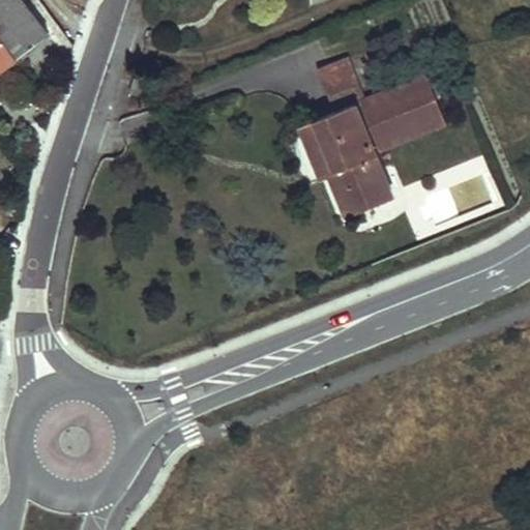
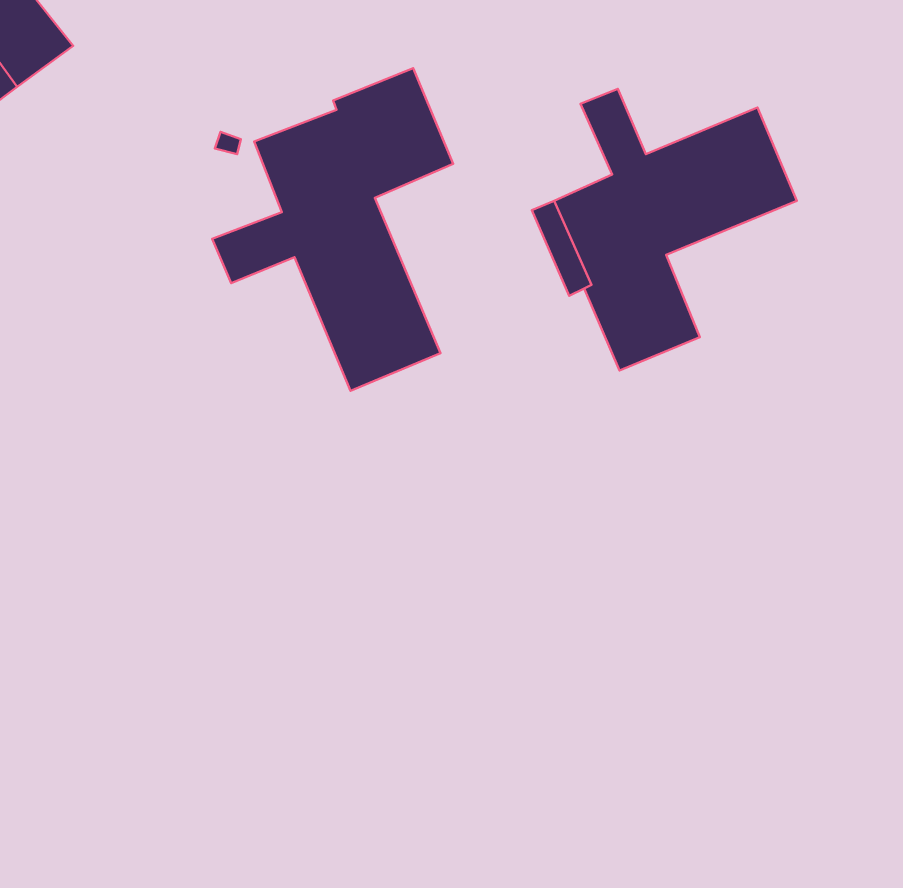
building: none -> [212,68,453,391]

